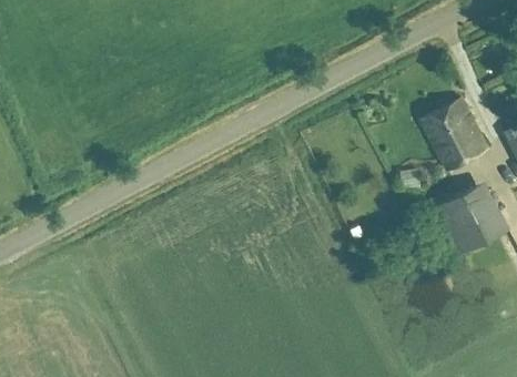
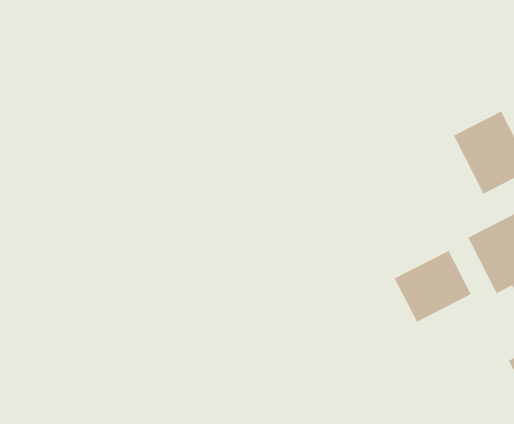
building: none -> [394,250,472,323]

